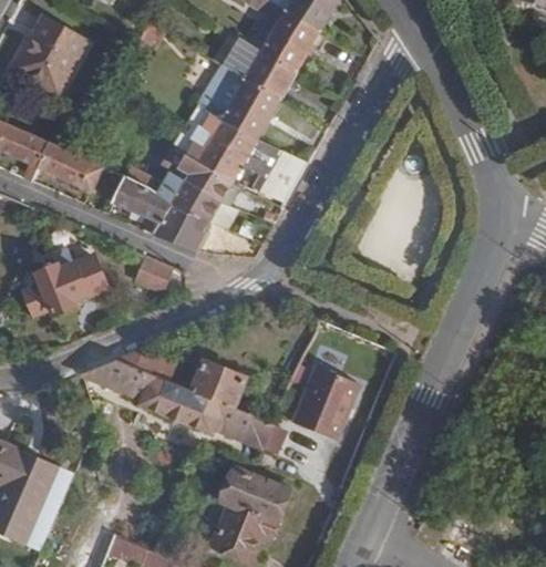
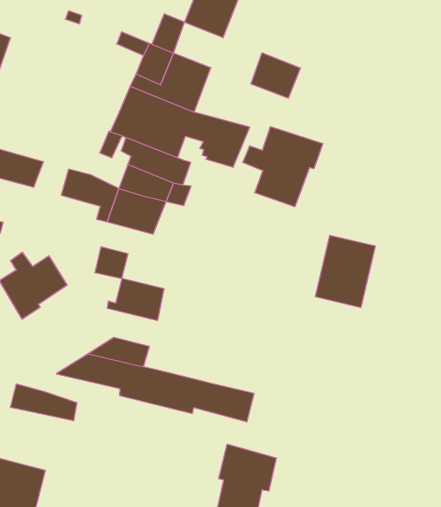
building: [245,50,296,99] -> [251,53,301,98]
building: none -> [243,127,323,207]
building: [186,362,245,409] -> [107,279,164,320]
building: [290,365,357,441] -> [315,235,375,307]
building: none -> [11,384,77,421]

